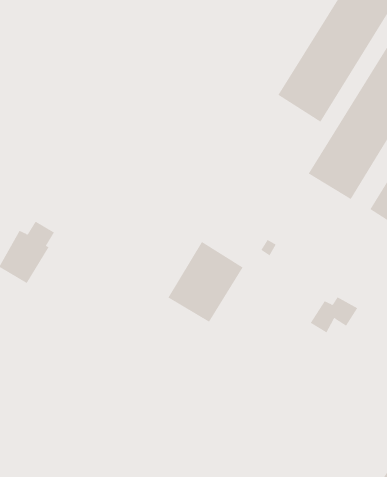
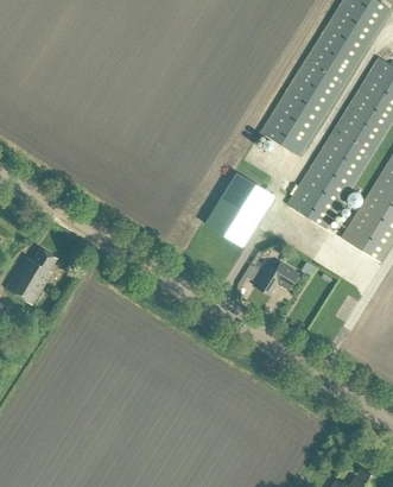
building: [168,241,244,323] -> [204,171,273,245]
building: [310,296,358,333] -> [254,261,298,295]

